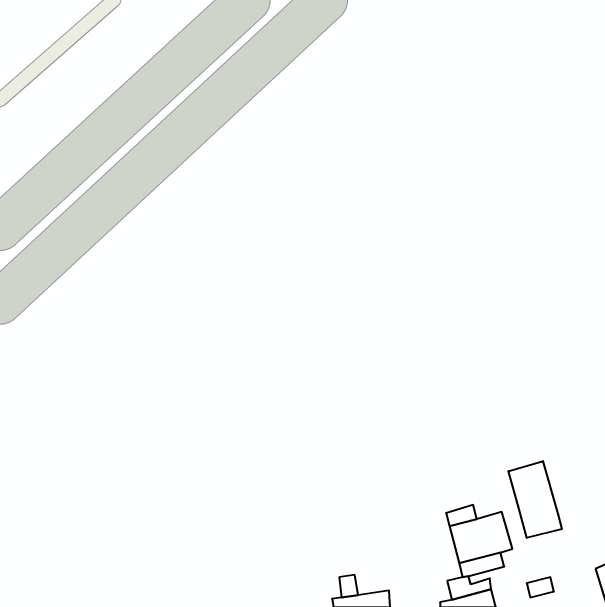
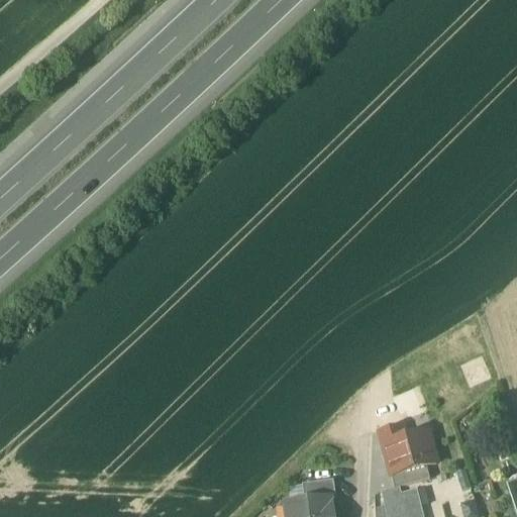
building: [508,461,562,538] -> none
building: none -> [303,484,336,506]

